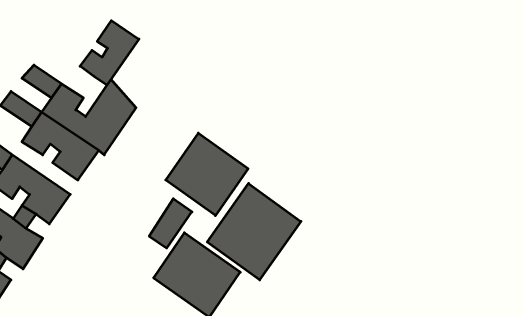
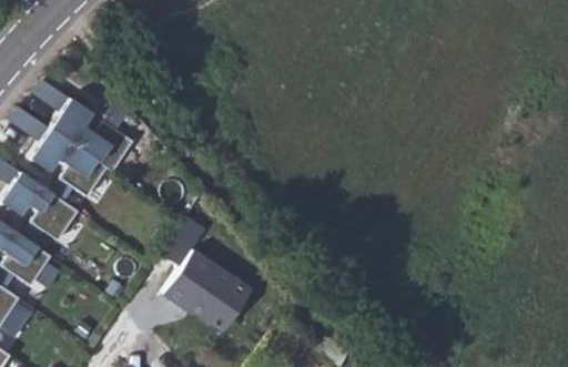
building: [80,21,139,85] -> none
building: [166,133,248,216] -> none
building: [207,183,301,280] -> none

